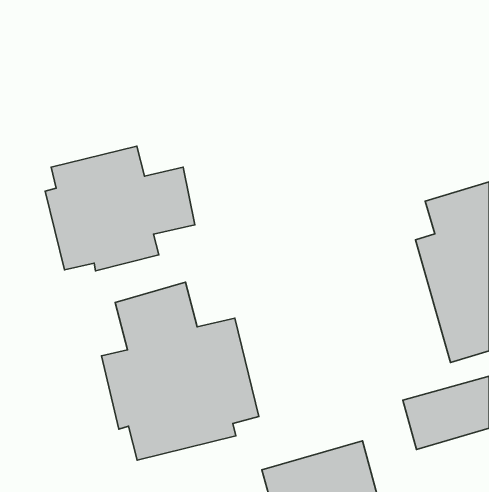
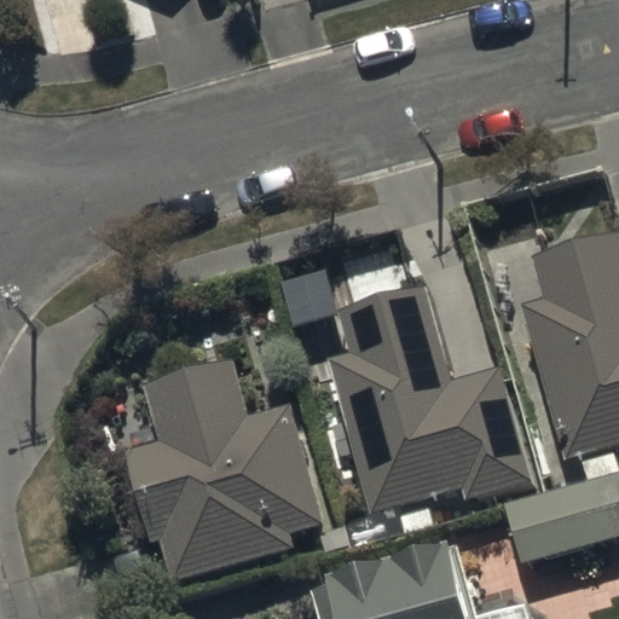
building: [45,146,195,271] -> none
building: none -> [325,288,530,514]

